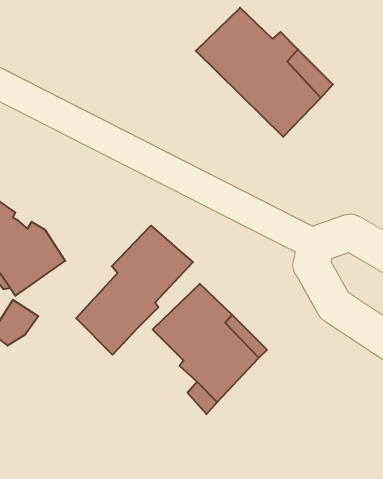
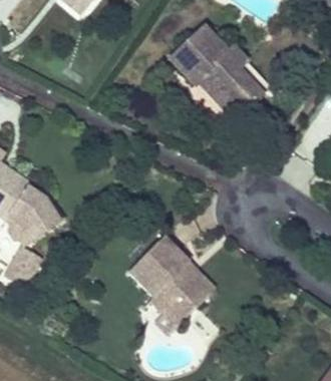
building: [76,226,193,355] -> none

